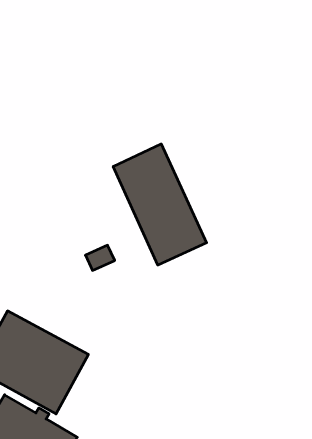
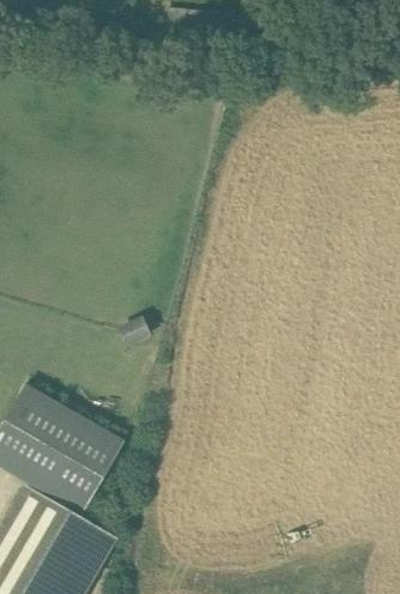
building: [113,144,207,265] -> none

